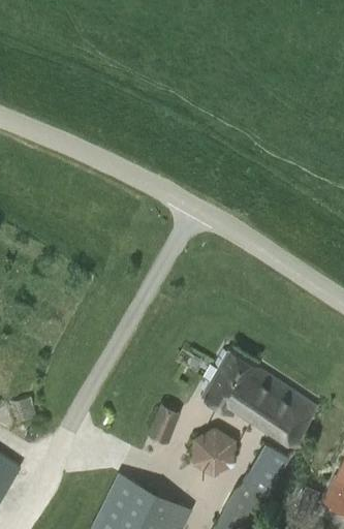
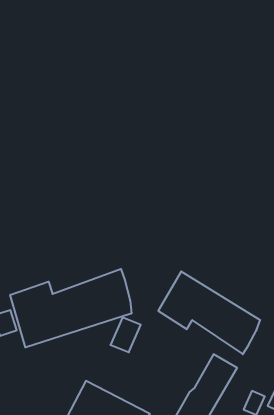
building: none -> [10,269,131,347]
building: [189,428,240,474] -> none

